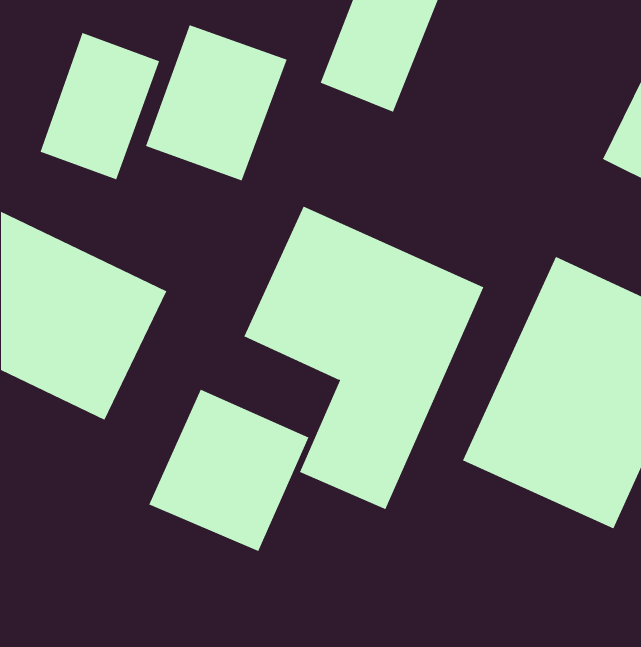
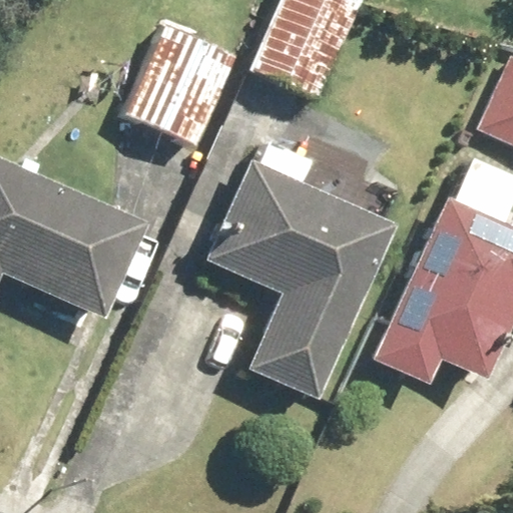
building: [40,32,160,180] -> none
building: [149,389,309,552] -> none

